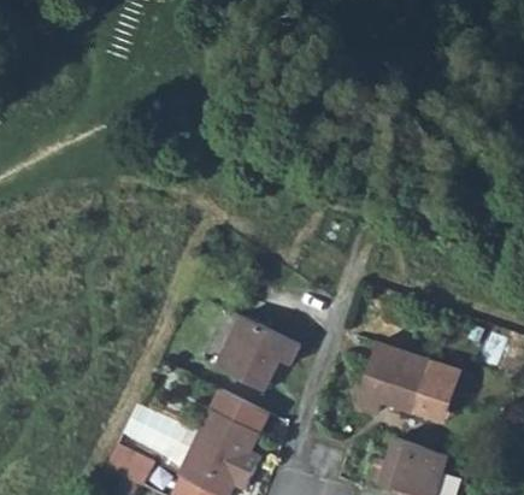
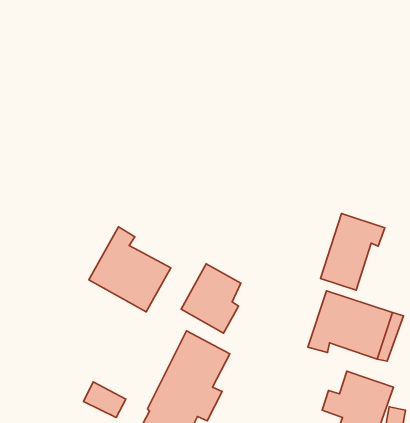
building: none -> [320,214,385,290]
building: none -> [89,227,171,312]

